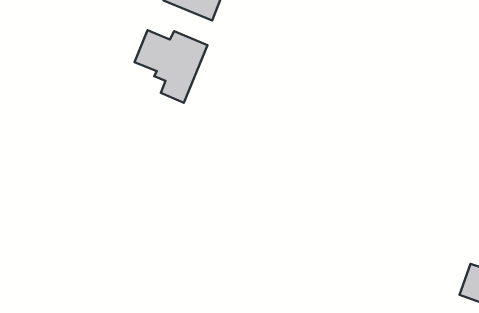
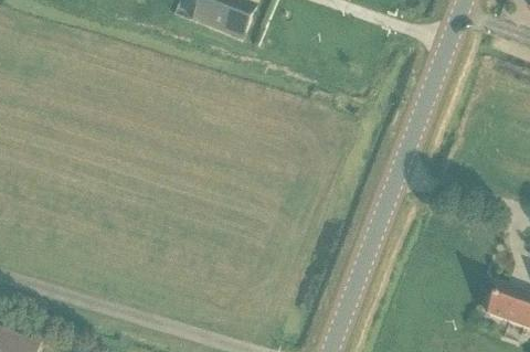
building: [135,30,207,103] -> none

